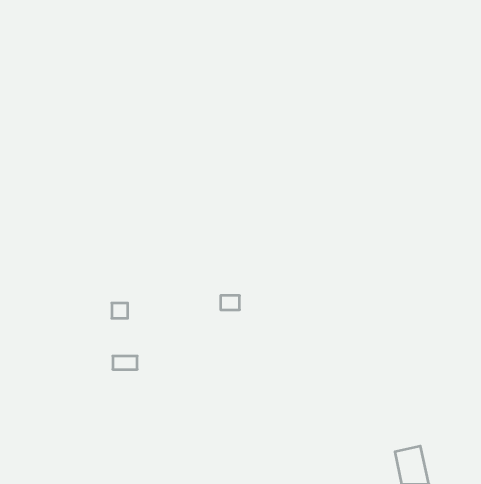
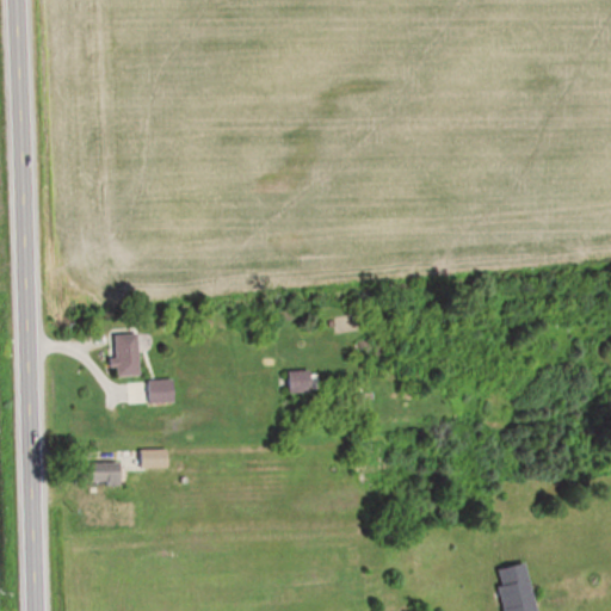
building: none -> [110,334,132,376]
building: none -> [103,463,129,483]

